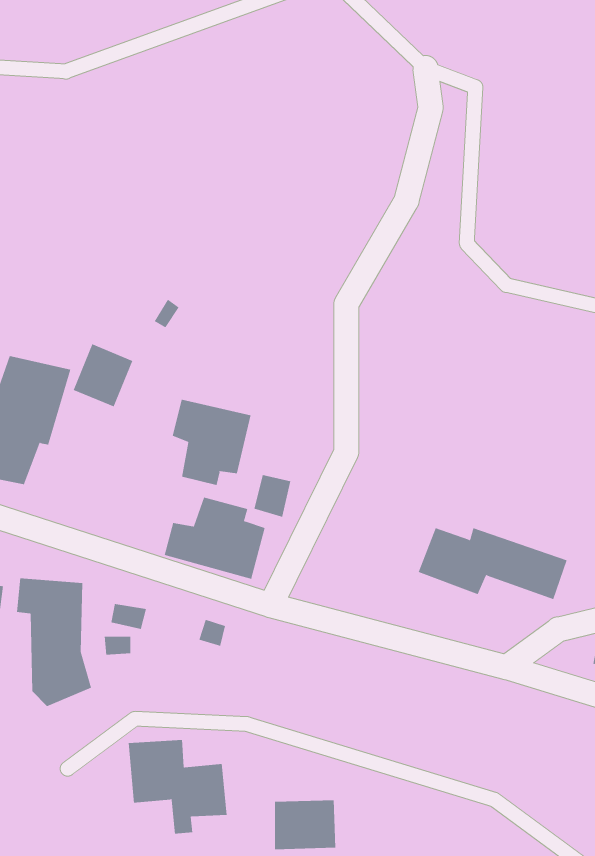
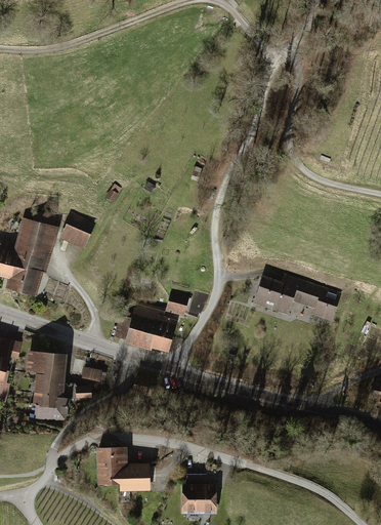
building: [172,399,251,486] -> none
building: [418,528,568,600] -> [252,276,341,319]

